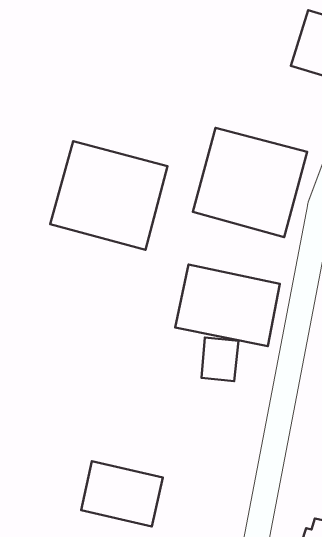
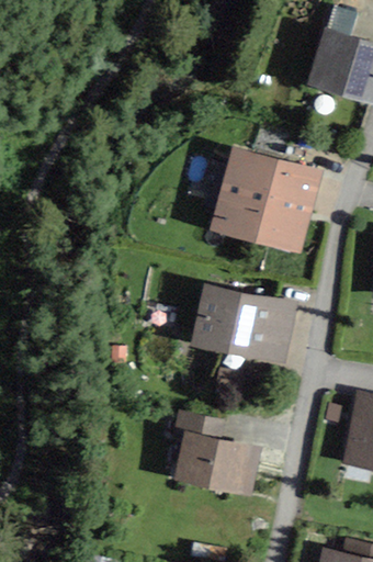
building: [50,141,167,250] -> none
building: [81,461,163,527] -> [173,429,256,495]

